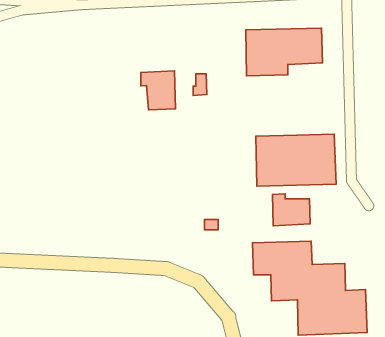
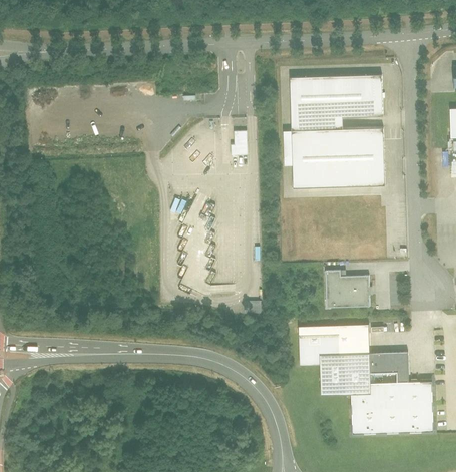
building: [141,71,176,110] -> none
building: [256,134,336,186] -> [293,129,386,189]

